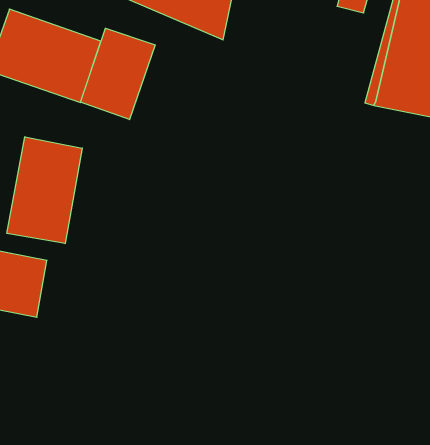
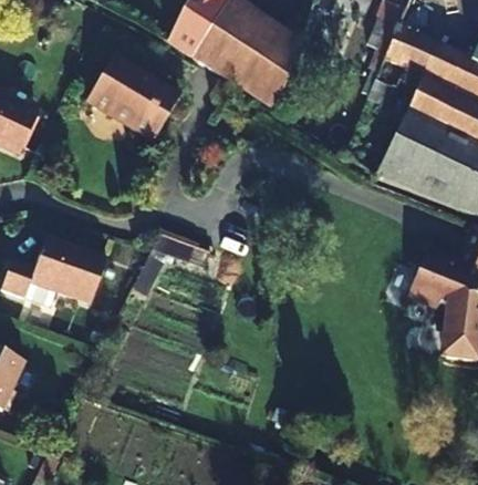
building: [80,28,155,120] -> none
building: [7,137,82,244] -> none

